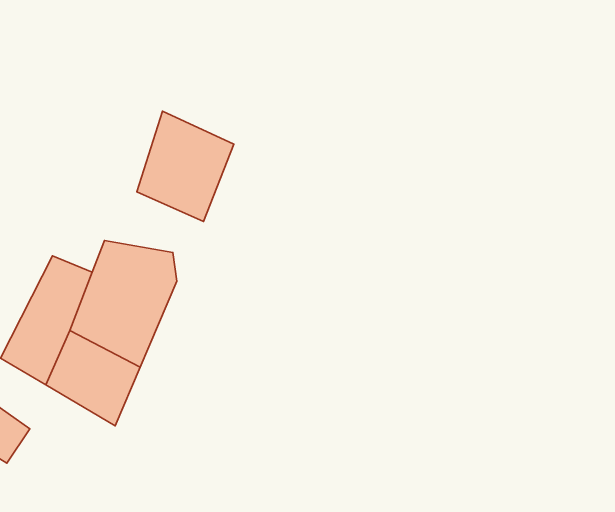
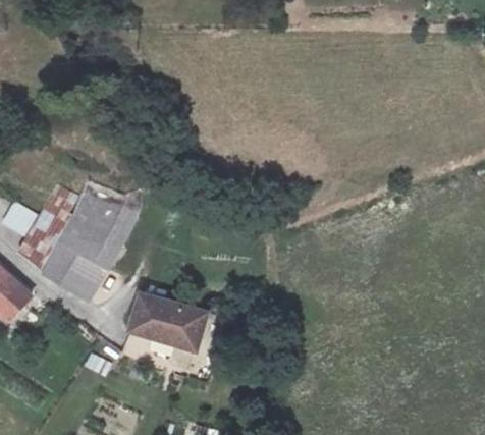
building: [137,111,234,222] -> none
building: none -> [131,296,221,357]

